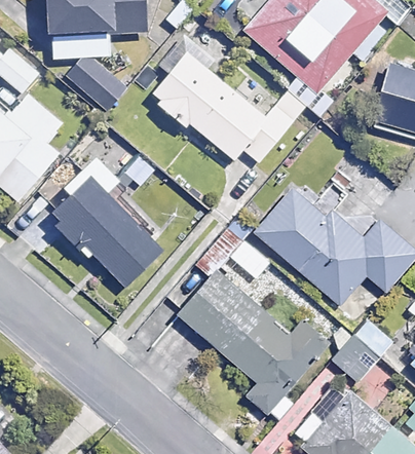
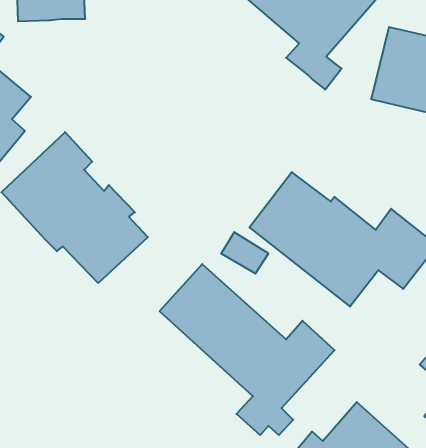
building: [150,49,294,161] -> none
building: [65,55,128,112] -> none
building: [335,320,394,381] -> none

